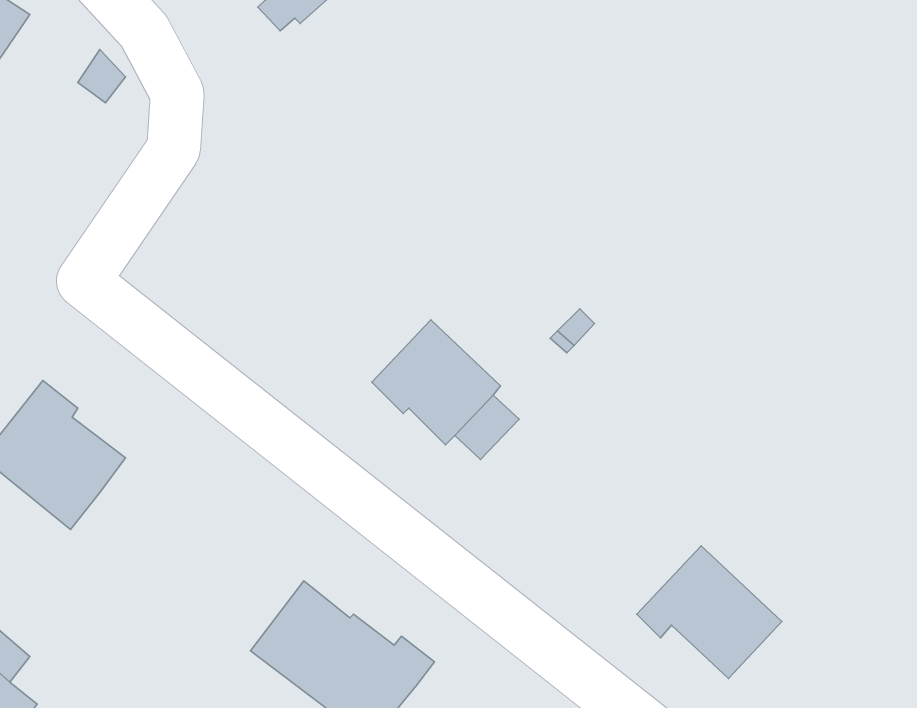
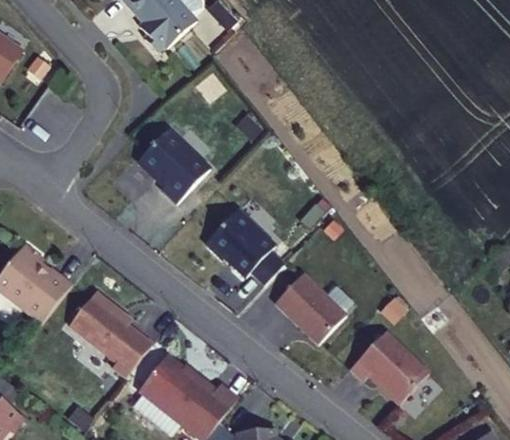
building: none -> [137,129,208,204]
building: none -> [274,274,344,344]
building: none -> [69,289,153,376]

